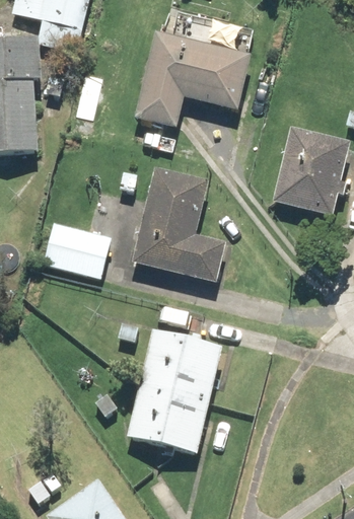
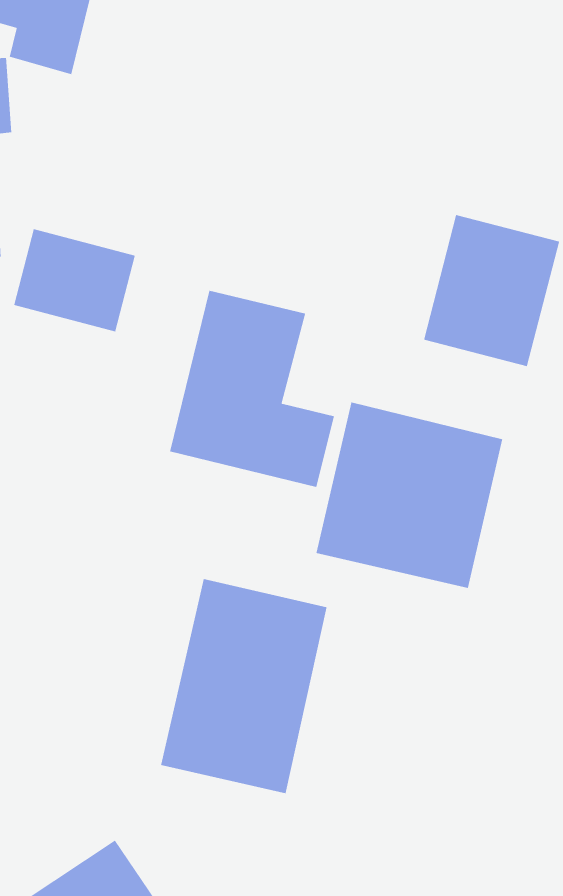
building: [139,33,250,126] -> none
building: [42,221,111,280] -> [13,228,136,333]
building: none -> [316,401,503,589]

